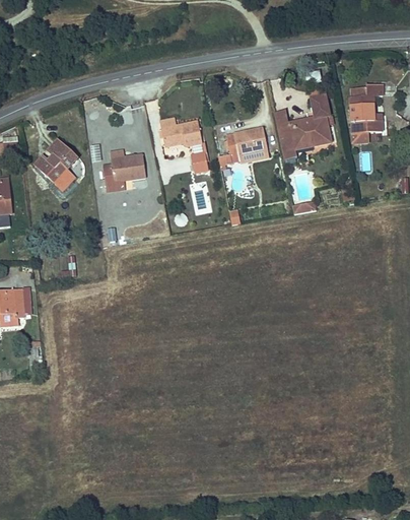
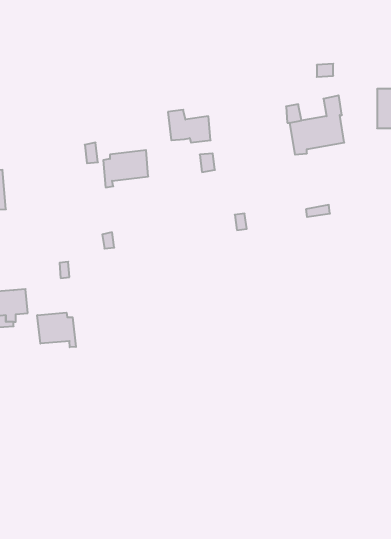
building: [220,136,261,166] -> none
building: [35,139,76,186] -> none
building: none -> [37,313,76,347]

